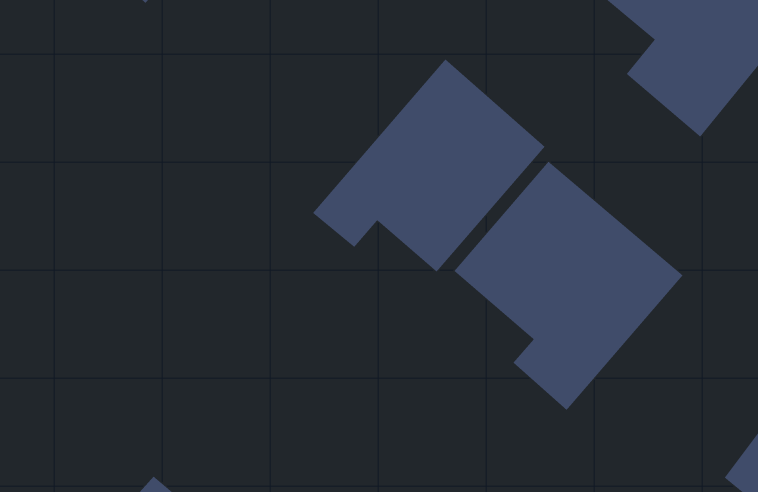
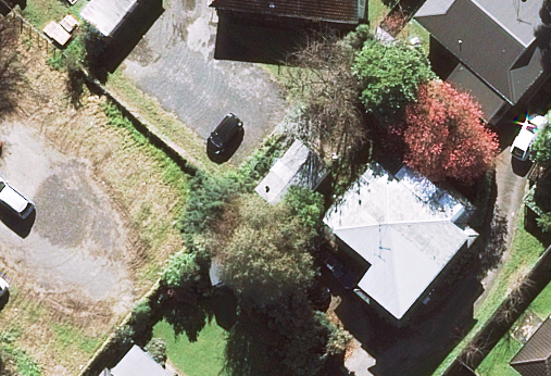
building: [312,59,545,272] -> none

